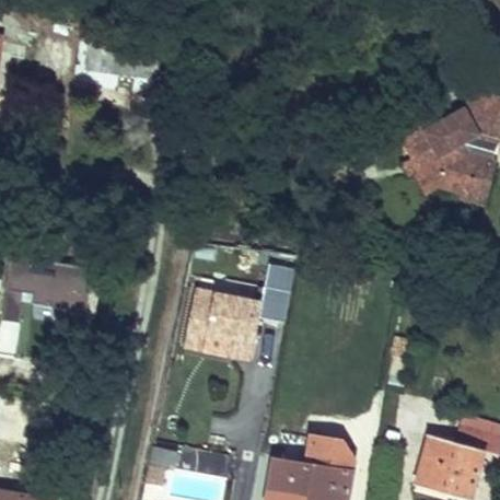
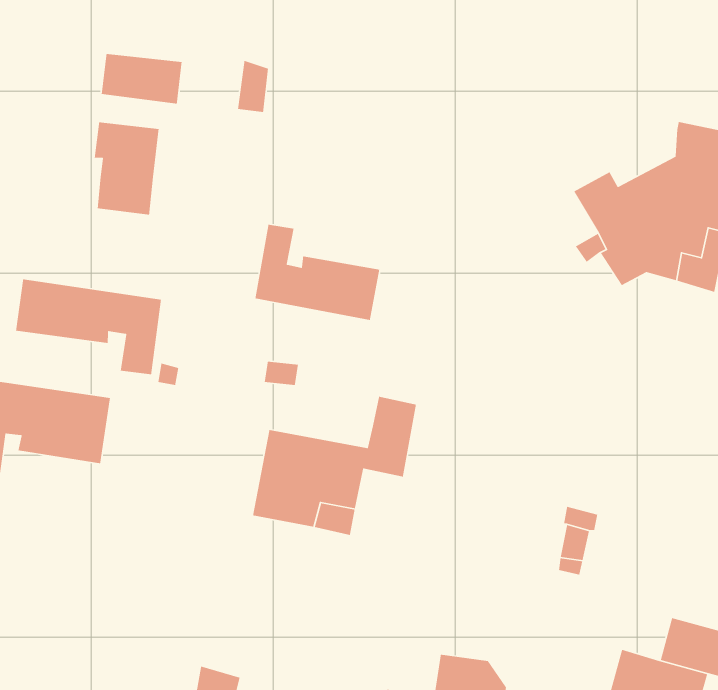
building: none -> [94,121,160,215]
building: none -> [254,224,380,321]
building: none -> [15,279,162,375]

